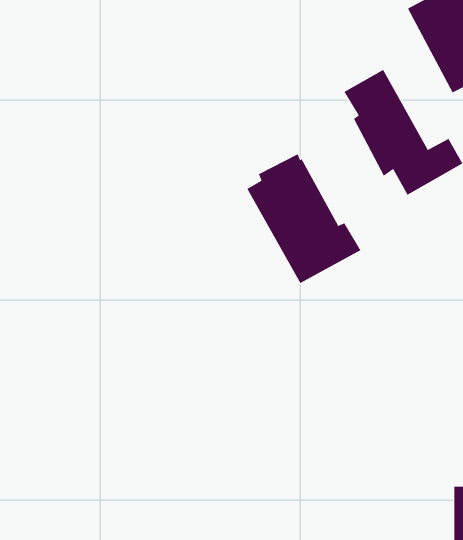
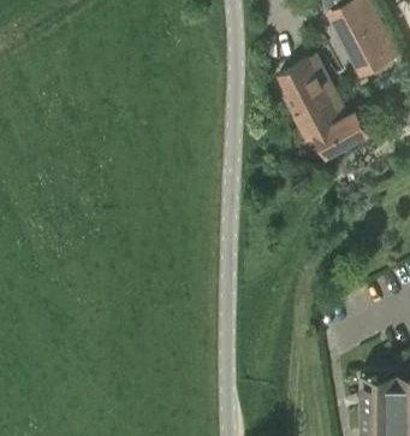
building: [247,153,361,284] -> none

